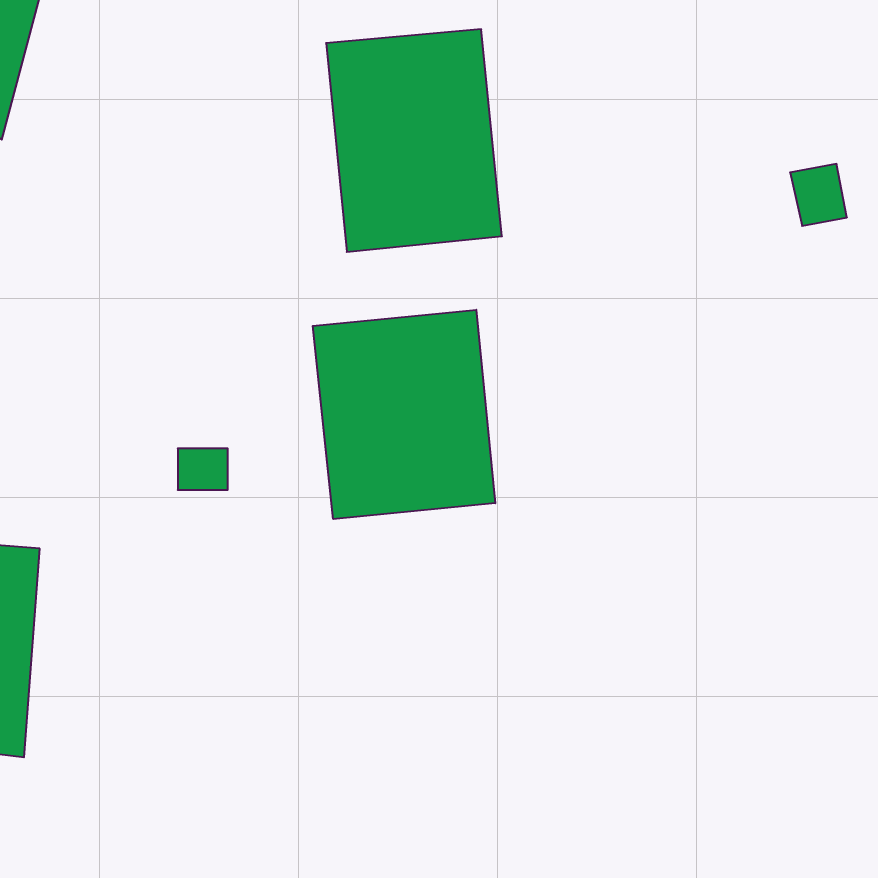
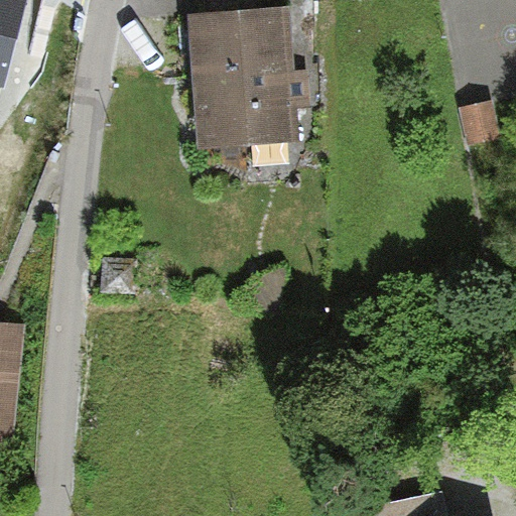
building: [313,310,495,519] -> none

